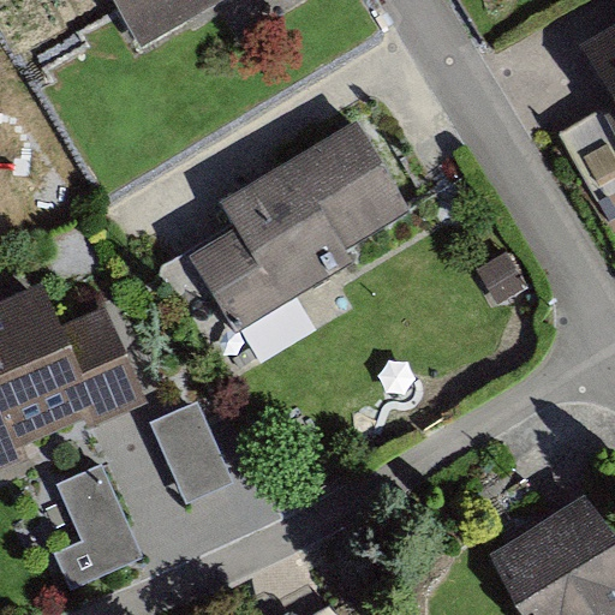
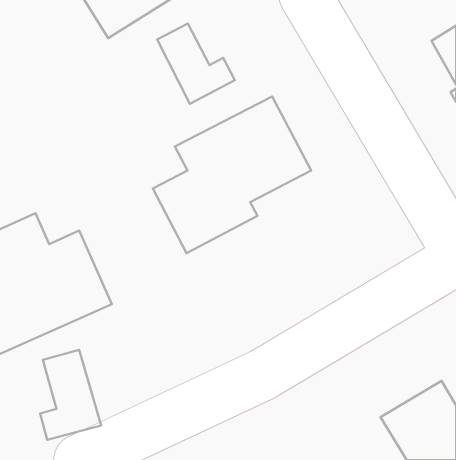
building: none -> [157,24,235,104]
building: [145,393,233,501] -> none

